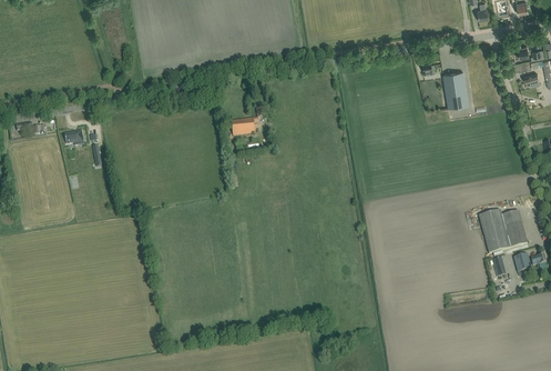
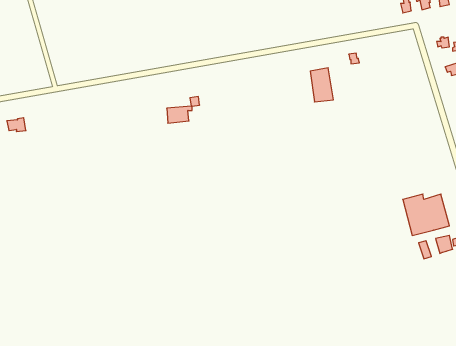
building: [443,71,468,107] -> [310,68,333,102]

